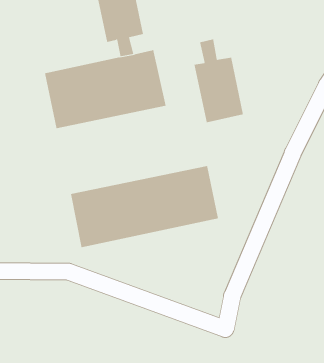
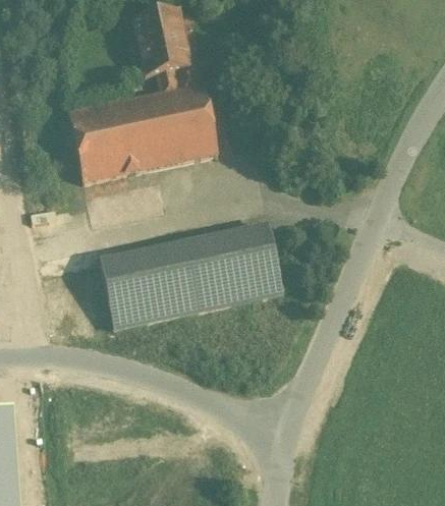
building: [194,38,243,123] -> none

